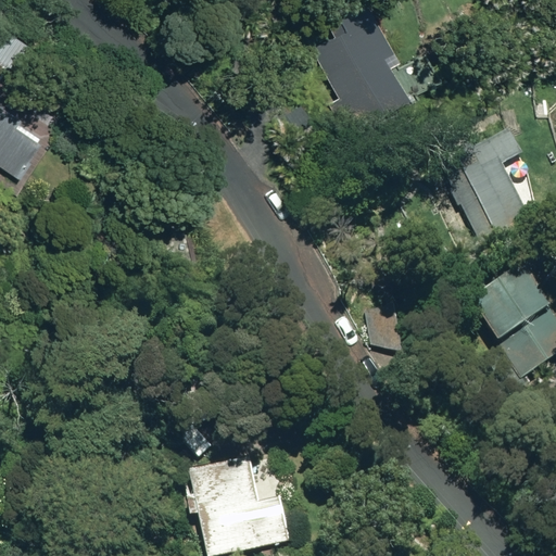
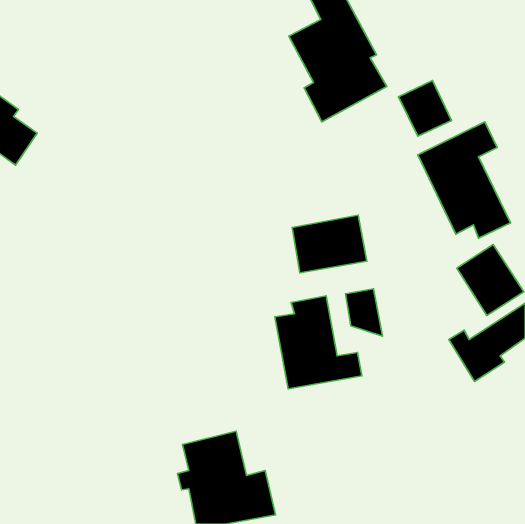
building: none -> [399,81,451,136]
building: none -> [292,215,367,273]
building: none -> [275,296,362,389]

